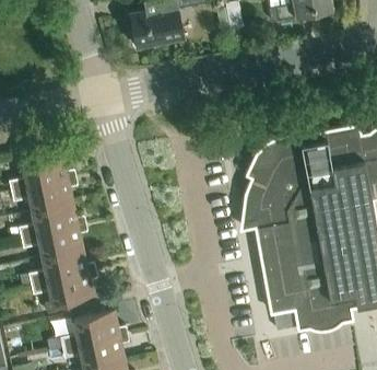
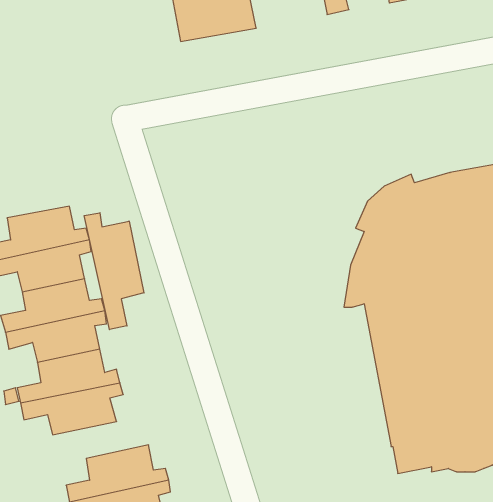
building: none -> [84,213,144,330]

